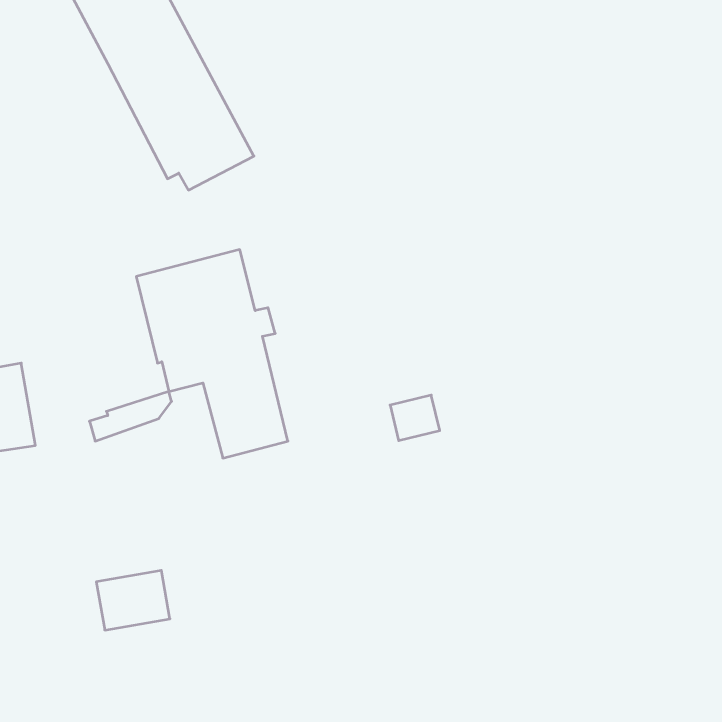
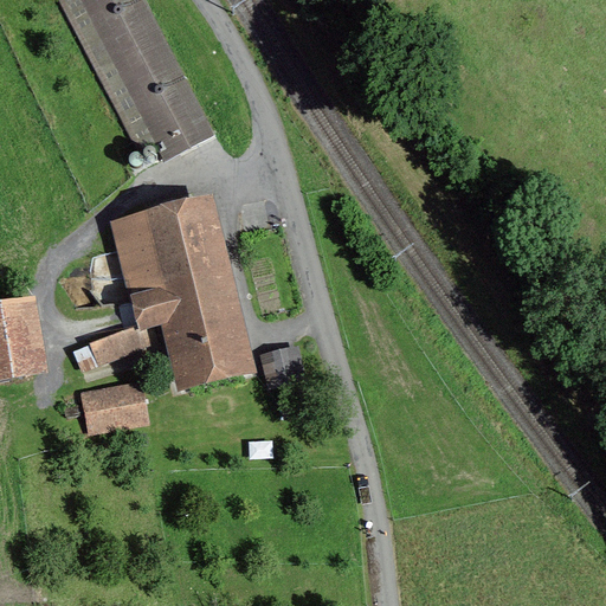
building: [390,395,440,441] -> [260,349,302,387]
building: [96,570,170,630] -> [80,383,142,433]

